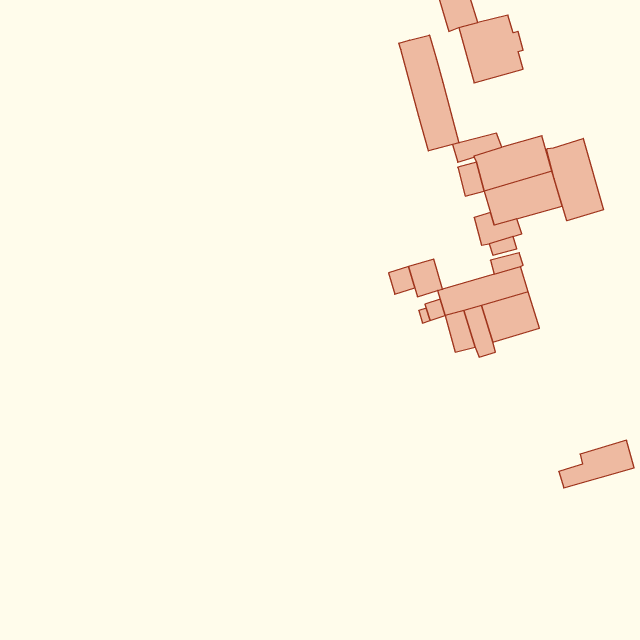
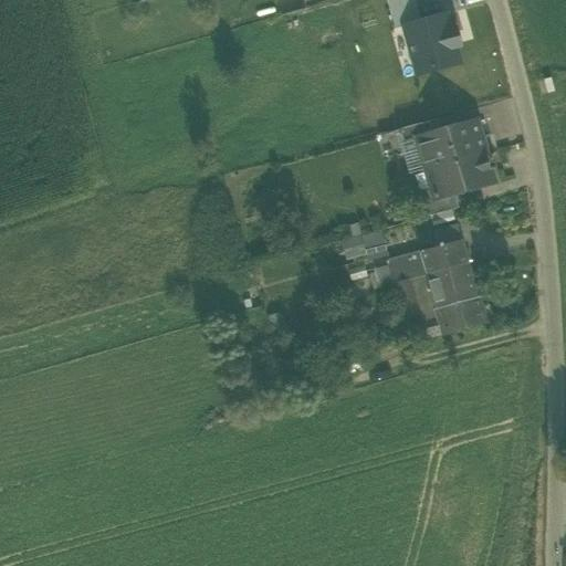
building: [399,35,459,151] -> none
building: [546,138,604,221] -> none
building: [559,440,634,488] -> [417,289,483,331]

